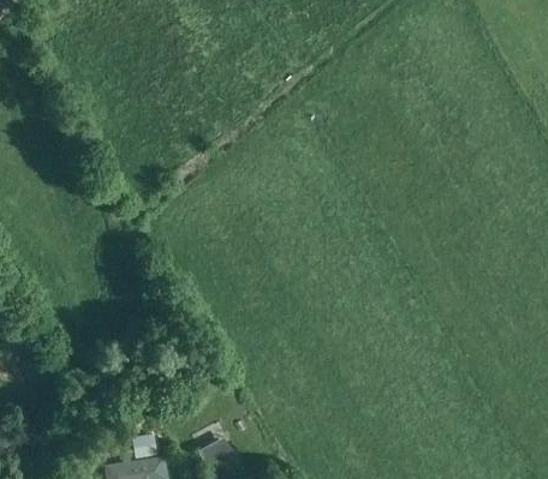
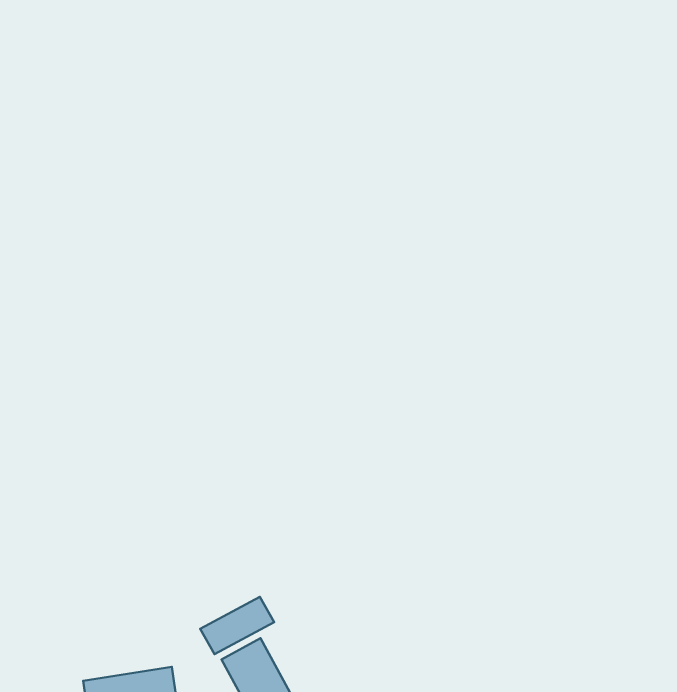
building: none -> [200,597,274,654]

